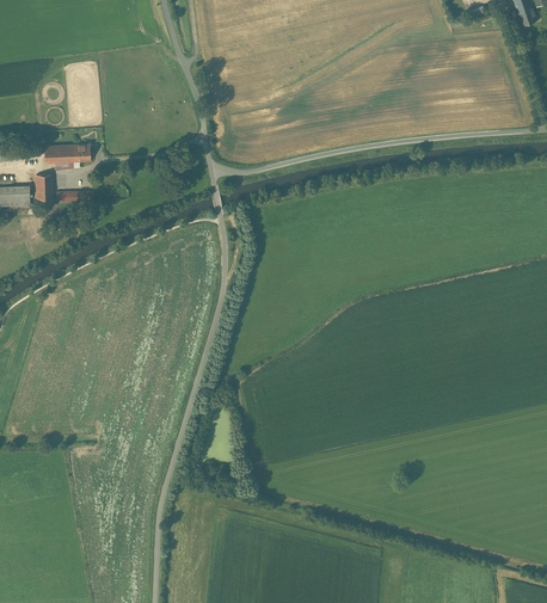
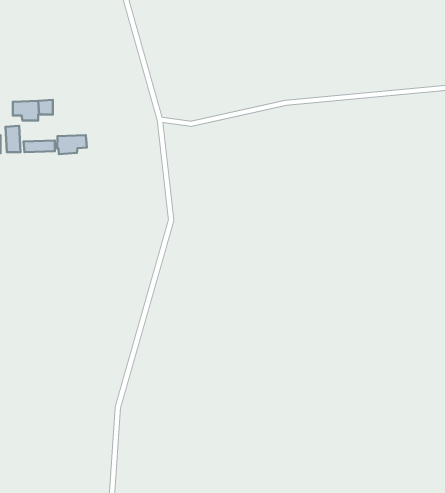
building: none -> [57,135,87,154]

